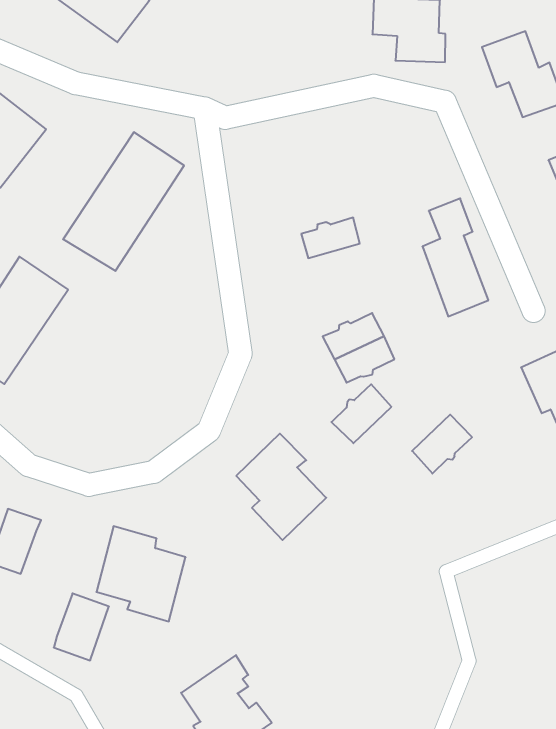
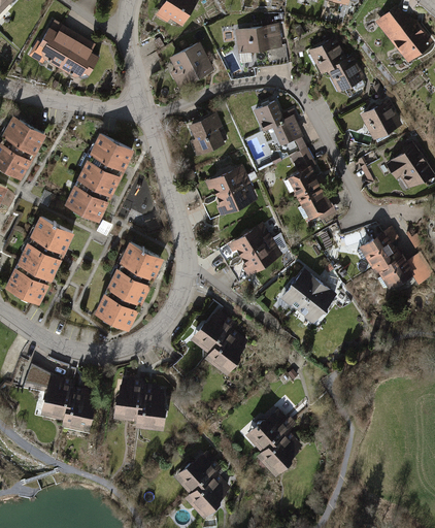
building: none -> [169,42,213,88]
building: none -> [254,102,305,150]
building: none -> [187,111,225,156]
building: none -> [218,184,255,211]
building: none -> [96,245,162,328]
building: [331,384,391,443] -> [282,270,319,308]
building: [54,593,109,660] -> [64,389,95,429]
building: none -> [246,408,304,474]

